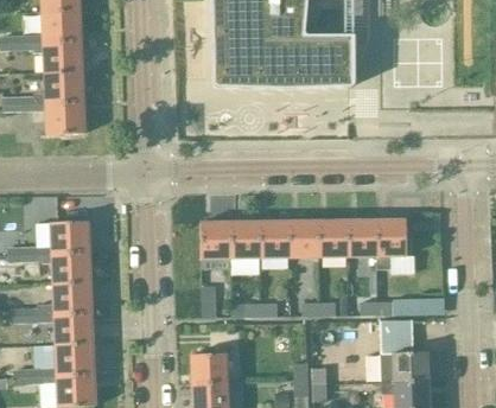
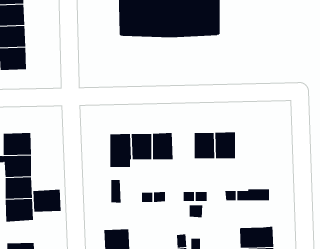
building: [375,219,414,274] -> none
building: [287,221,317,259] -> none
building: [380,321,413,353] -> none
building: [55,343,95,375] -> [33,189,62,212]

